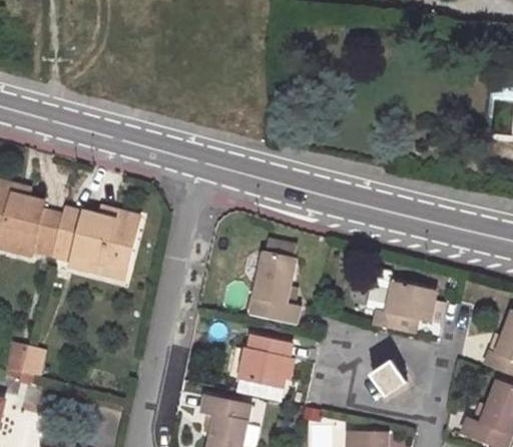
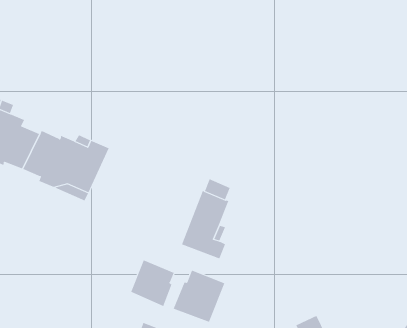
building: [371,282,432,332] -> none
building: none -> [130,259,174,307]

